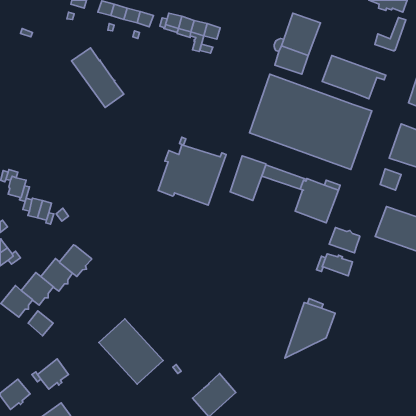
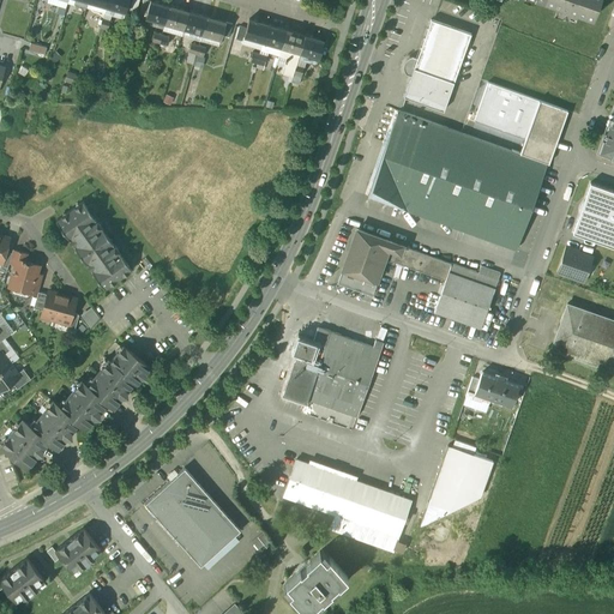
building: [375,18,406,51] -> [520,115,566,164]
building: [72,48,124,107] -> [56,203,133,290]
building: [158,145,226,205] -> [284,329,384,417]
building: [329,228,360,253] -> none
building: none -> [112,347,150,384]
building: [28,311,53,336] -> none
building: none -> [284,460,411,553]

